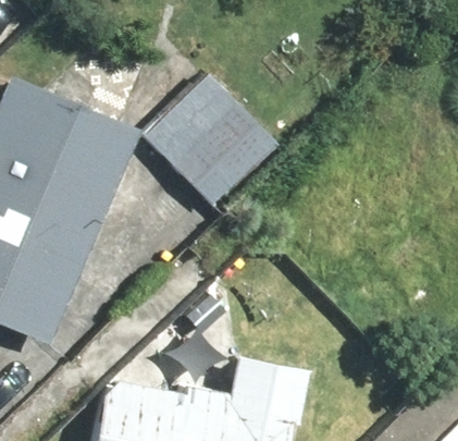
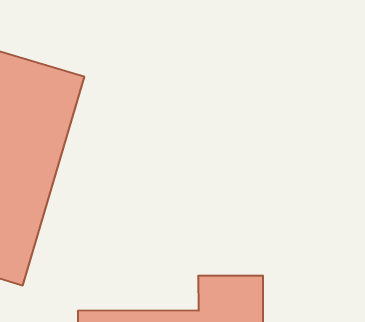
building: [143,72,282,211] -> none

